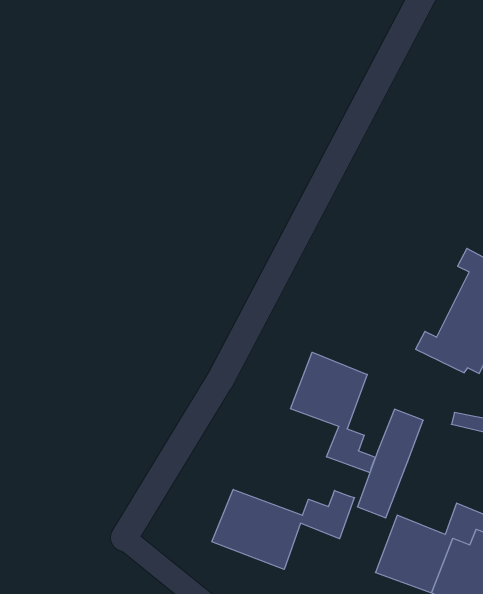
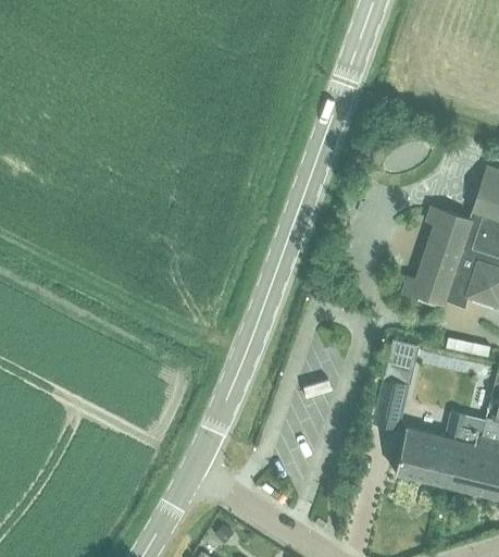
building: [290,352,375,473] -> none
building: [212,489,355,569] -> none

